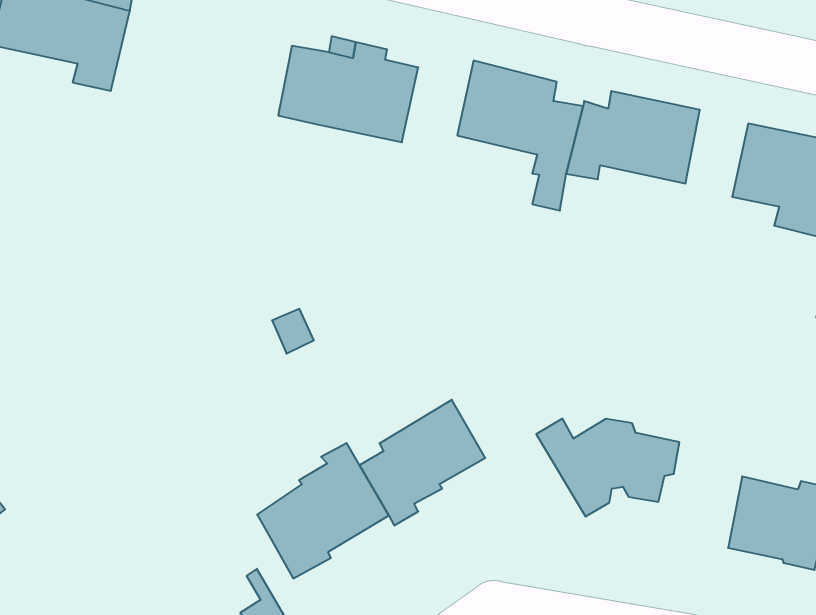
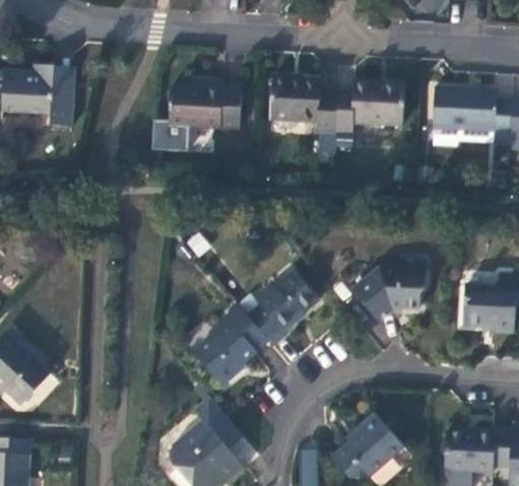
building: none -> [151,122,189,153]

